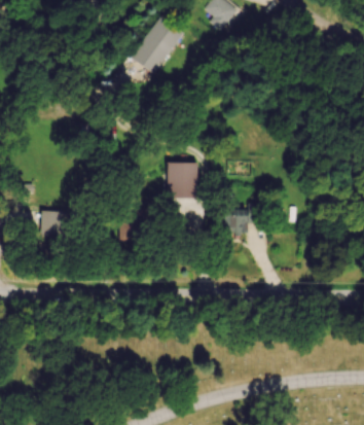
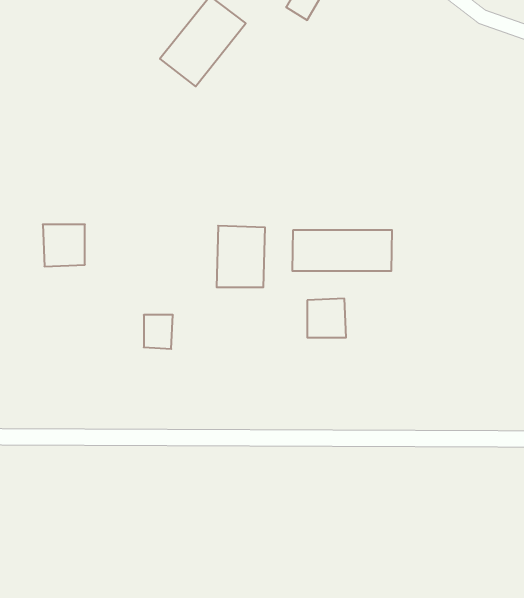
building: none -> [292,230,392,271]
building: [40,211,67,238] -> [43,224,85,266]

